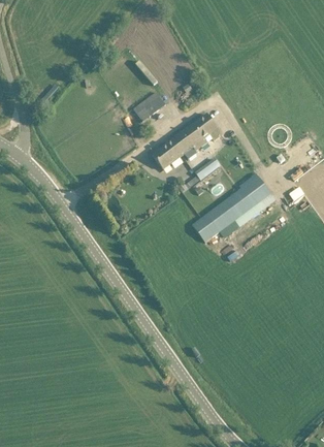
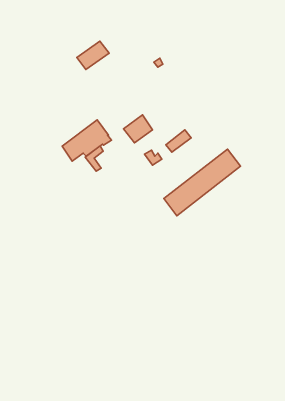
building: [132,93,165,122] -> [77,41,109,69]
building: [170,115,221,157] -> [62,120,111,161]

